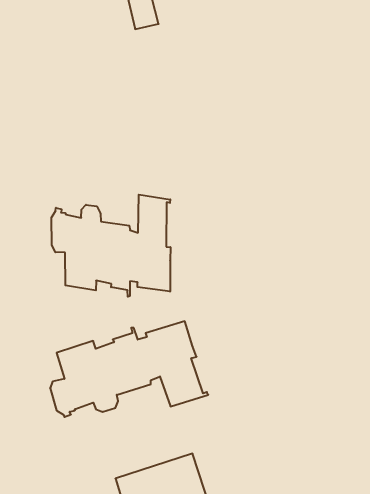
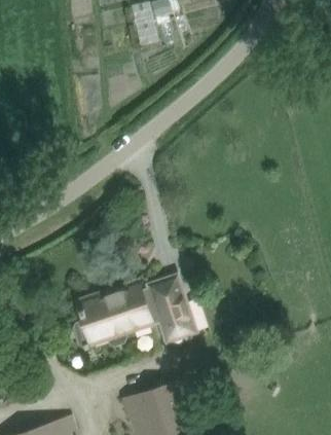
building: [52,195,170,297] -> none

